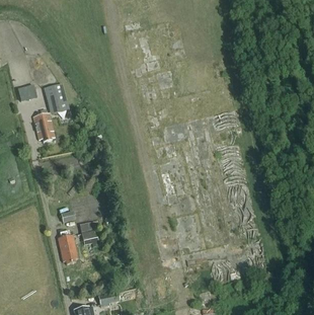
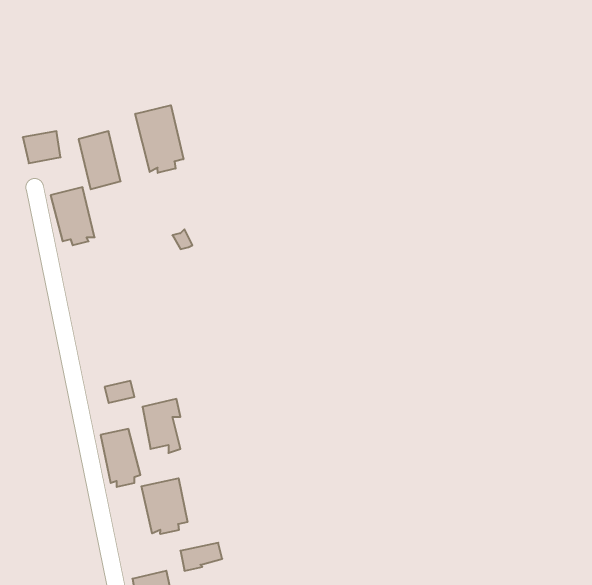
building: none -> [135,105,183,173]
building: none -> [141,478,187,534]

